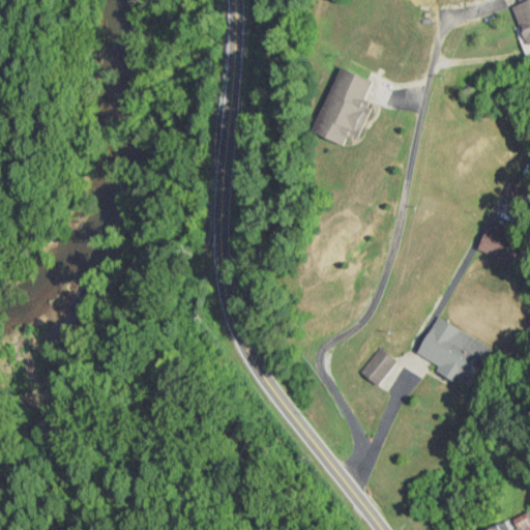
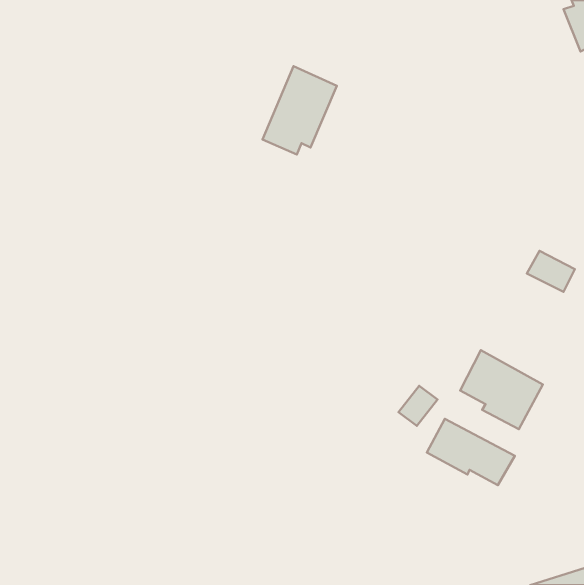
building: [308,65,376,145] -> [262,66,337,154]
building: none -> [427,419,515,485]

